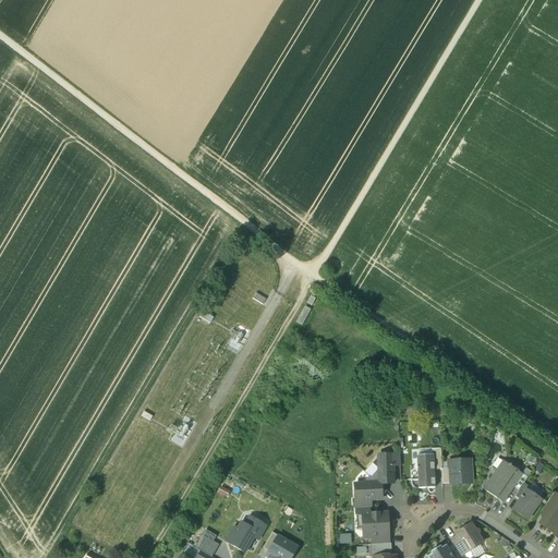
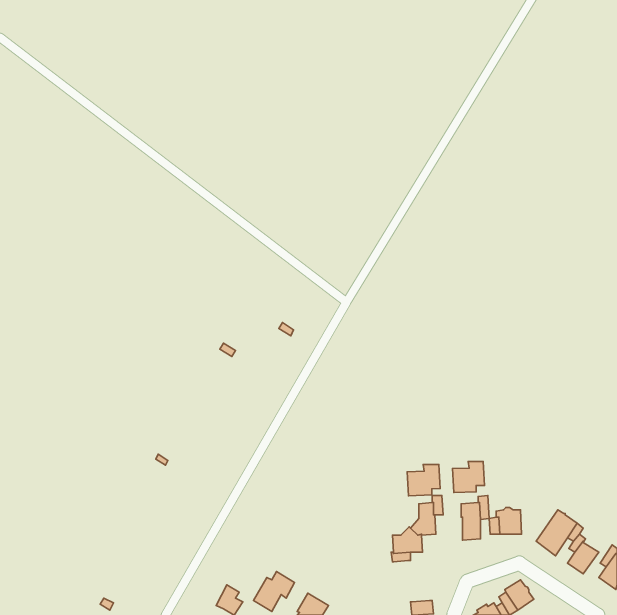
building: none -> [453,461,484,492]
building: none -> [407,465,440,496]
building: [362,511,388,536] -> none

